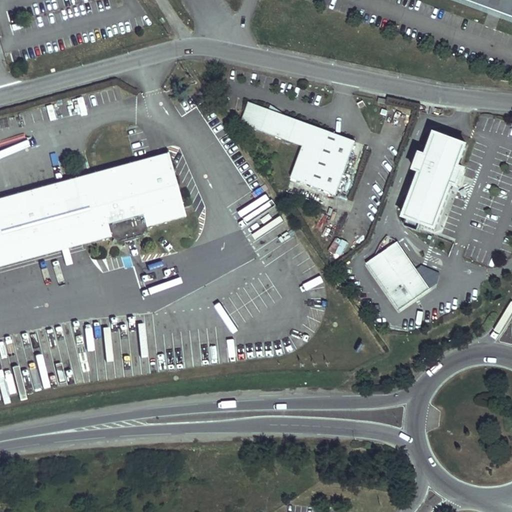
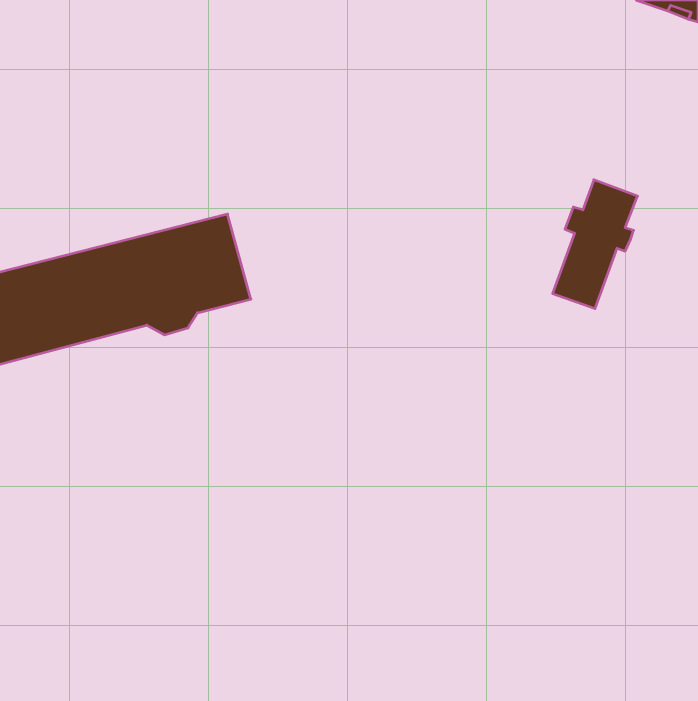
building: [238,96,354,193] -> none
building: [365,239,427,307] -> none

